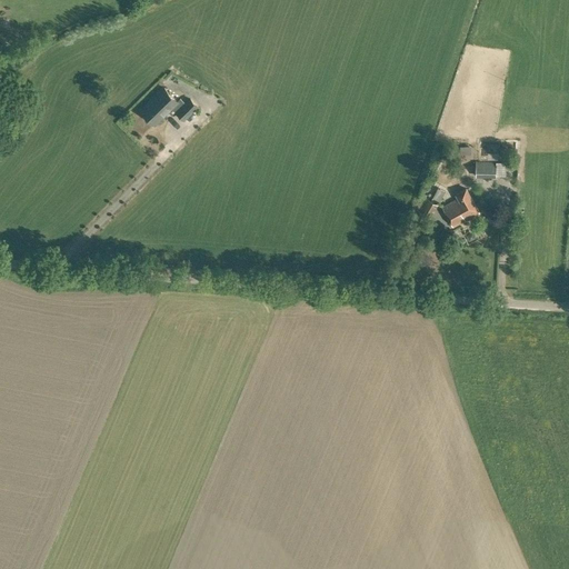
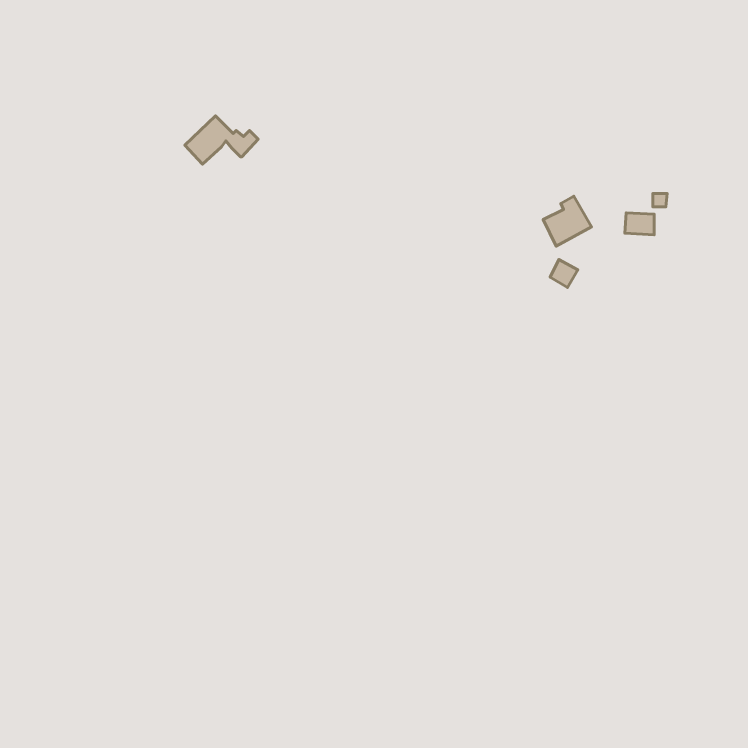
building: [441,190,478,228] -> [543,196,592,246]

